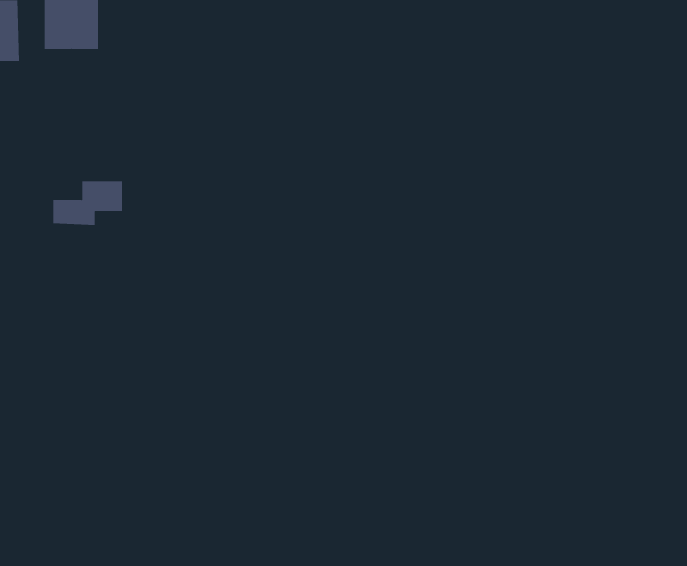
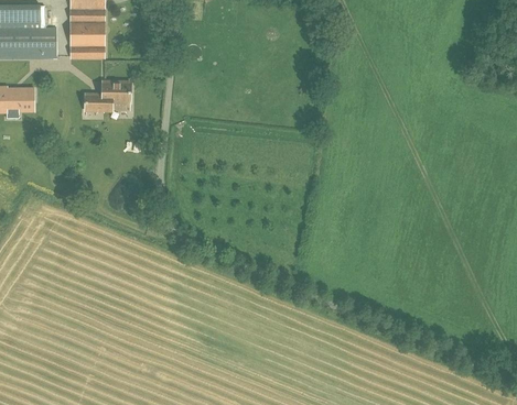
building: [52,181,123,225] -> [85,81,130,110]

